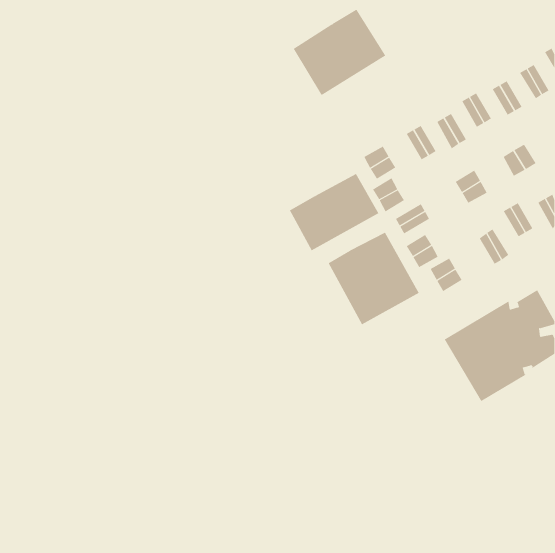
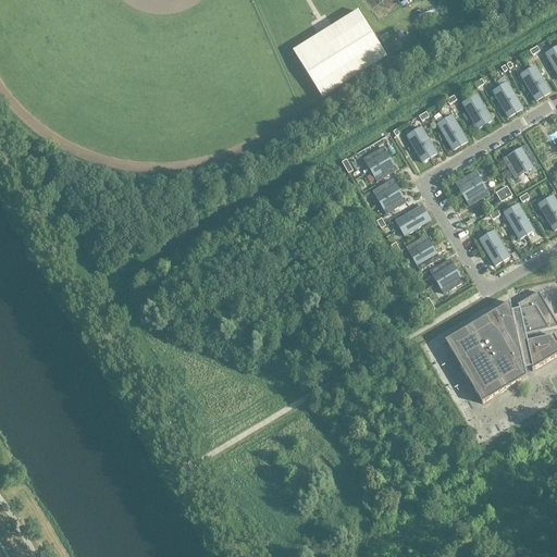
building: [289,173,379,251] -> none
building: [328,232,420,325] -> none

